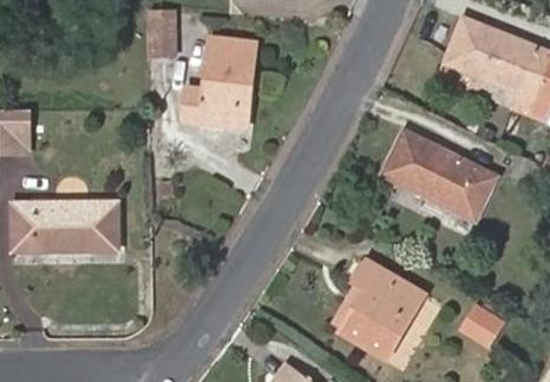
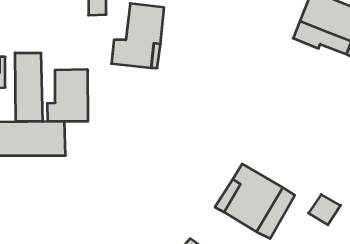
building: none -> [15,53,42,122]
building: none -> [47,69,88,121]
building: [385,132,494,219] -> none

